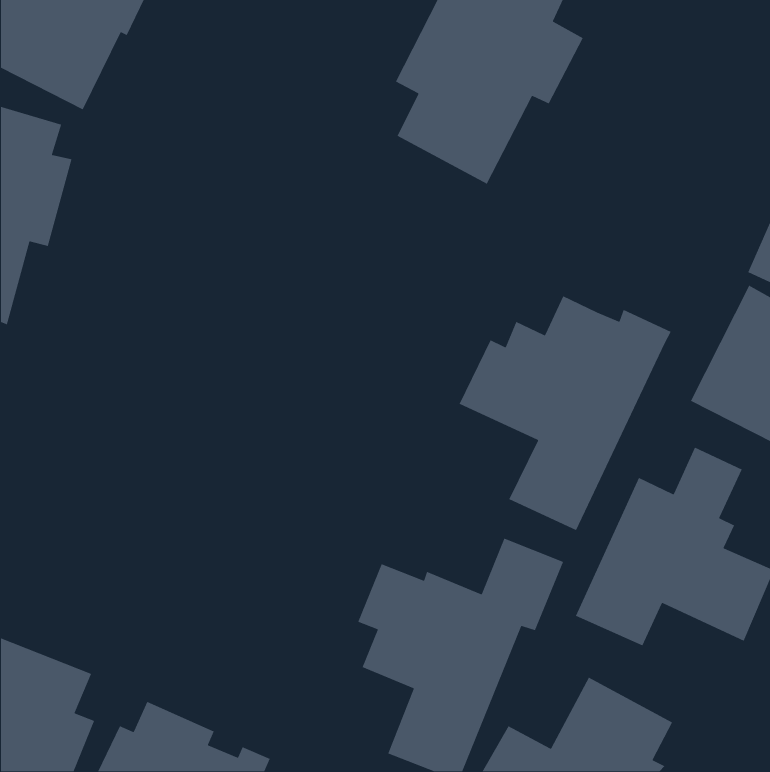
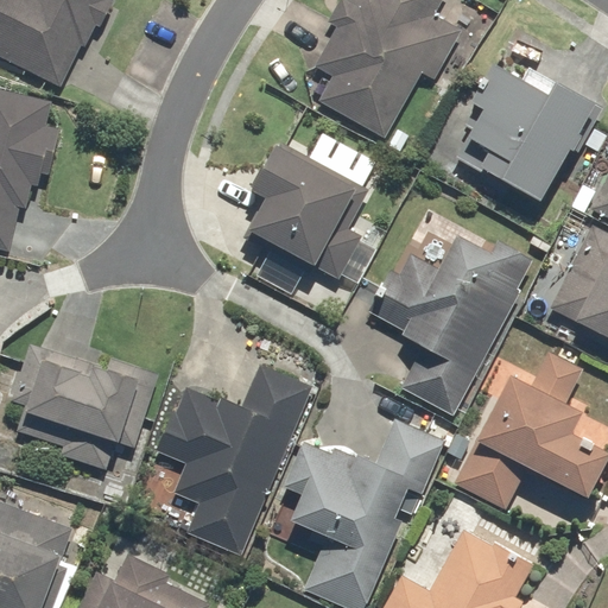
building: none -> [443,63,593,202]
building: none -> [247,139,378,281]
building: none -> [10,350,157,469]
building: none -> [157,368,308,560]

